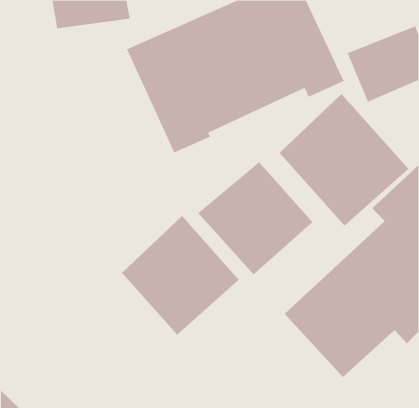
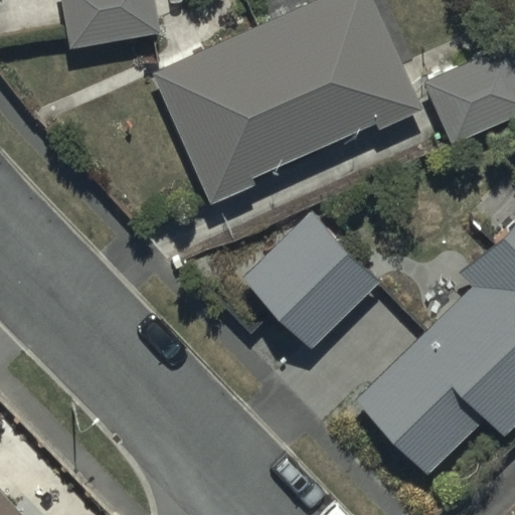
building: [279,93,409,227] -> none
building: [121,215,240,336] -> none

